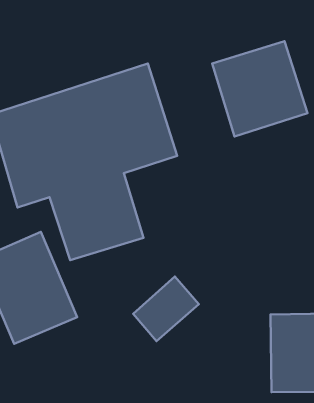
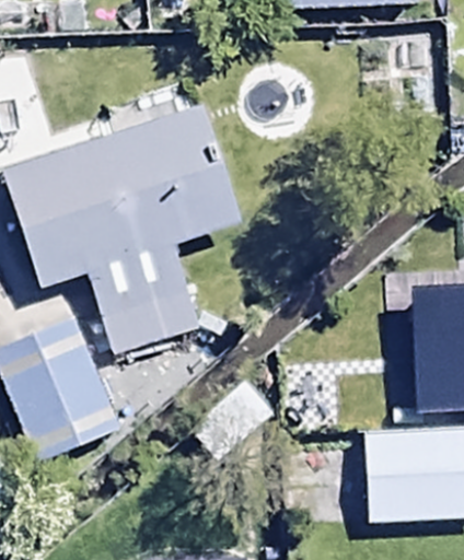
building: [212,41,307,136] -> none

